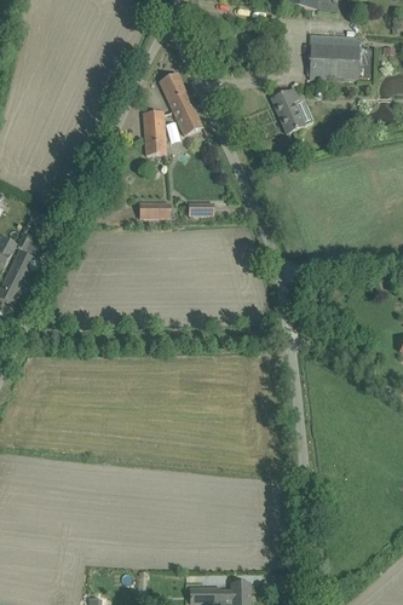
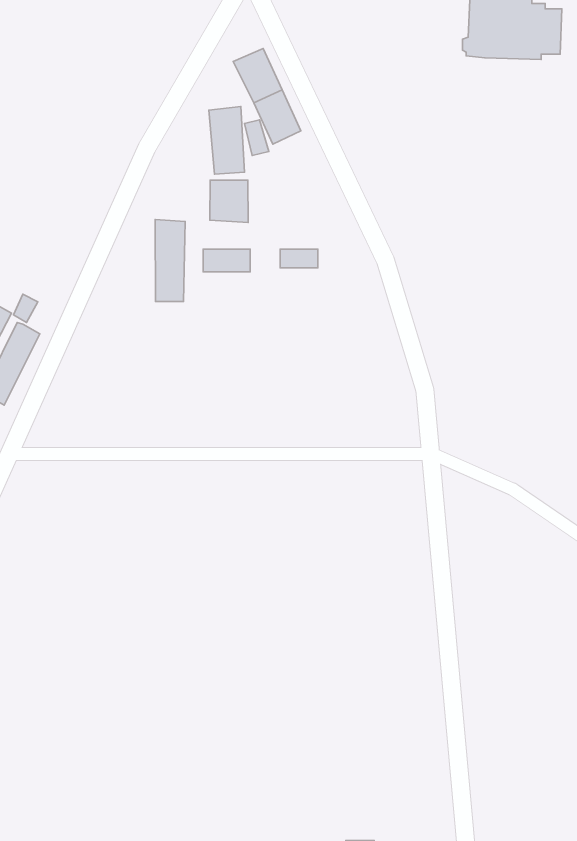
building: [270,88,312,133] -> none
building: none -> [210,180,248,222]
building: none -> [155,219,185,302]

